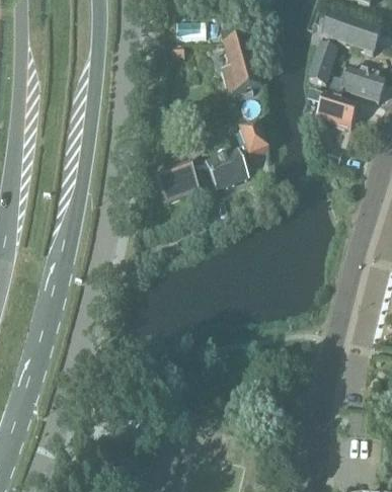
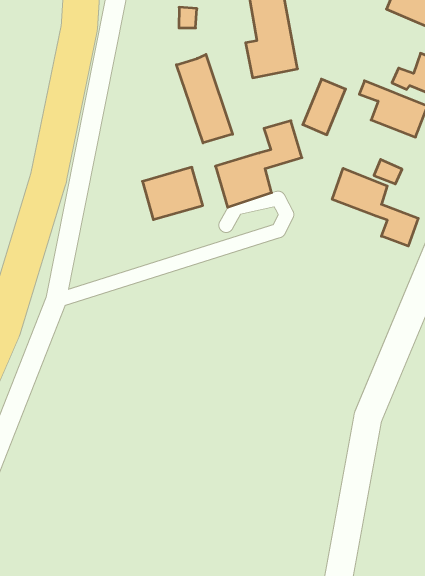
building: [308,42,337,82] -> [303,79,346,135]
building: none -> [176,54,233,143]
building: none -> [332,168,418,246]

